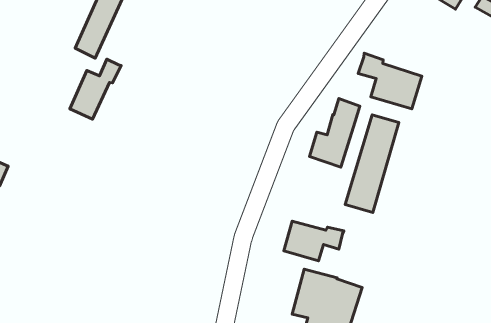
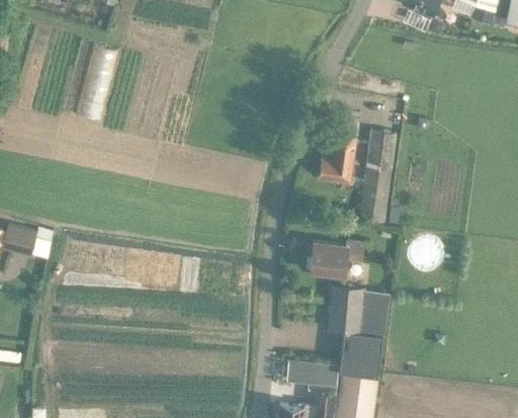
building: [358,53,422,109] -> none
building: [70,59,121,119] -> none

